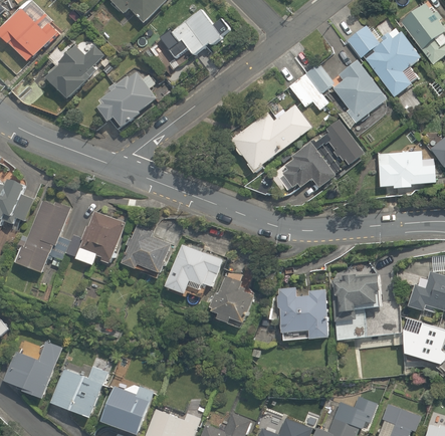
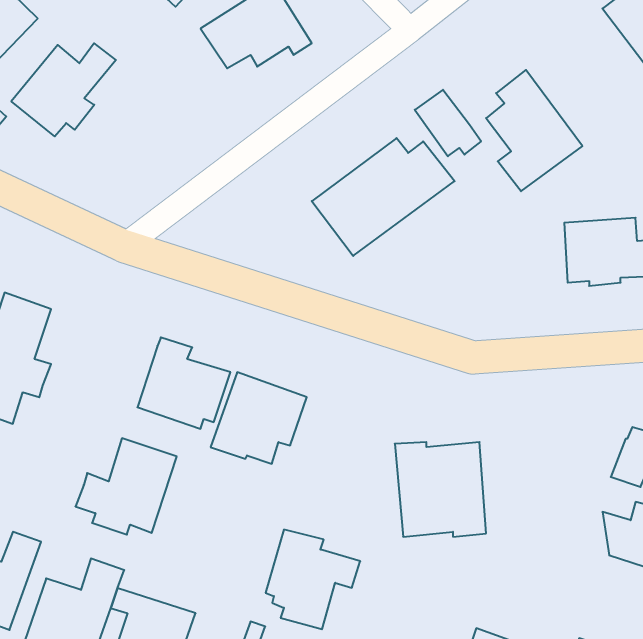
building: [346,25,419,96] -> none
building: [304,63,331,93] -> none
building: [94,68,159,131] -> none
building: [277,122,360,191] -> none
building: [62,210,124,268] -> [75,438,177,535]
building: [208,270,265,331] -> [266,530,360,629]
building: [330,273,382,342] -> none

